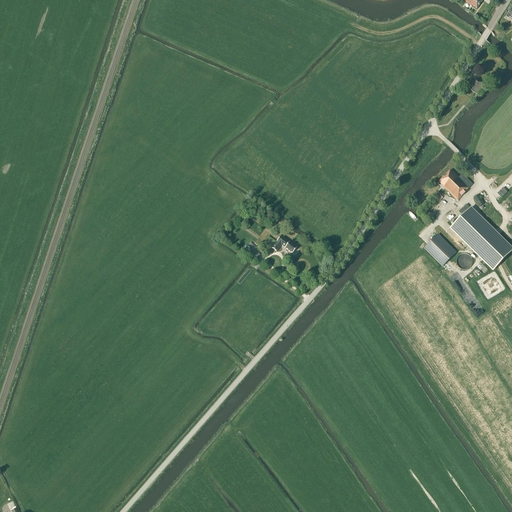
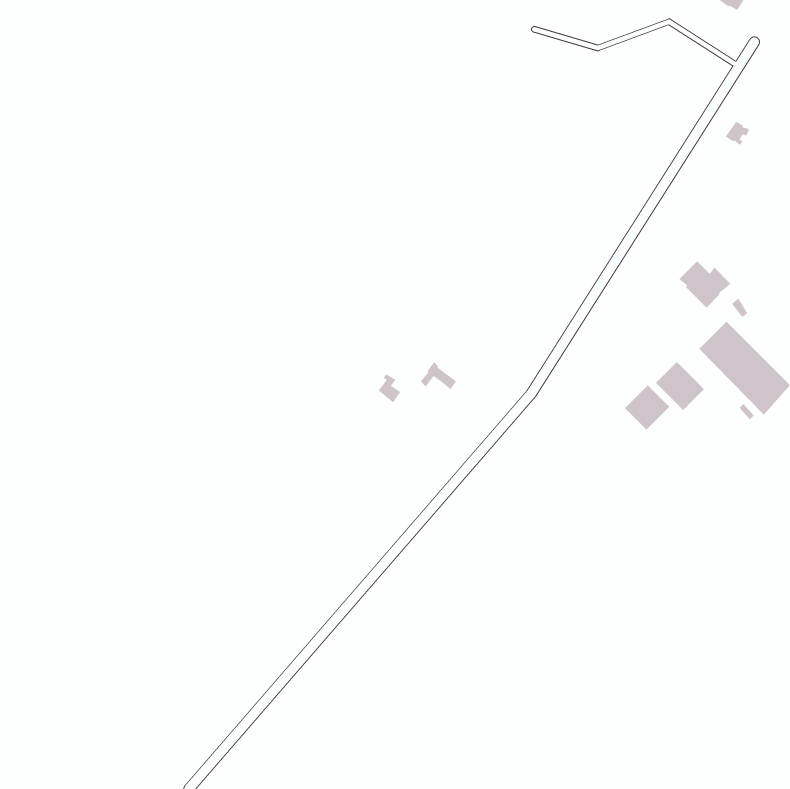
building: none -> [624,385,670,431]

